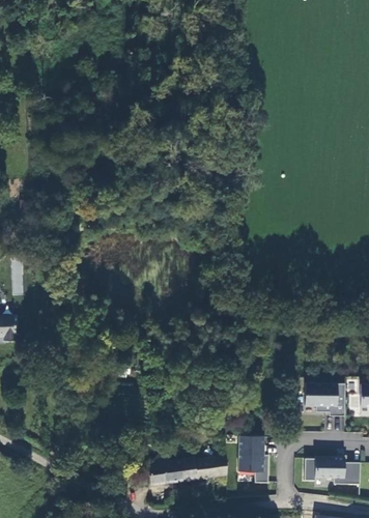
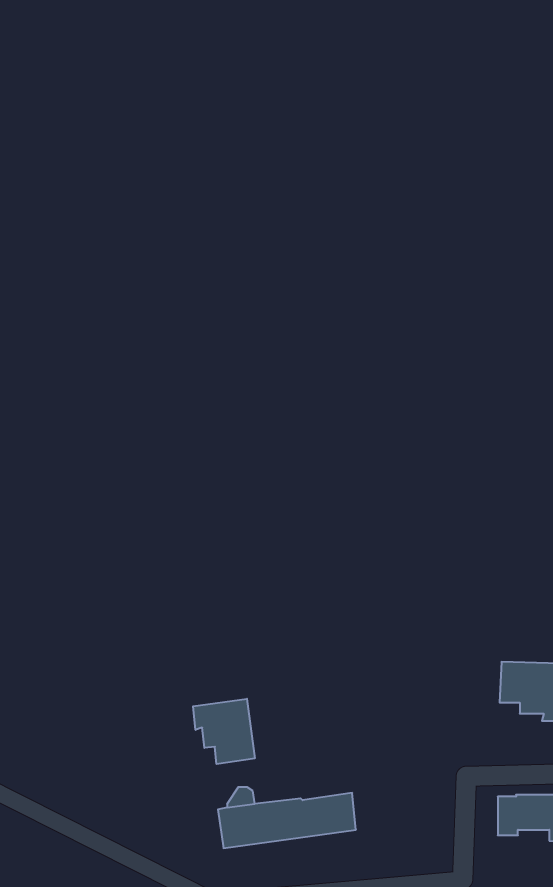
building: none -> [193,699,255,764]
building: [237,435,268,483] -> none

